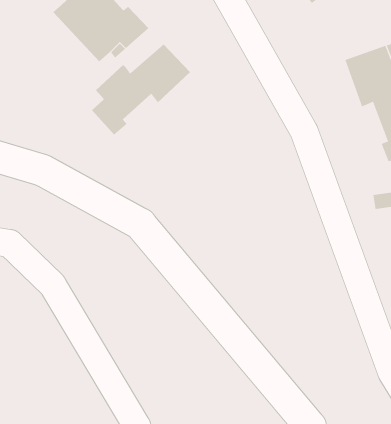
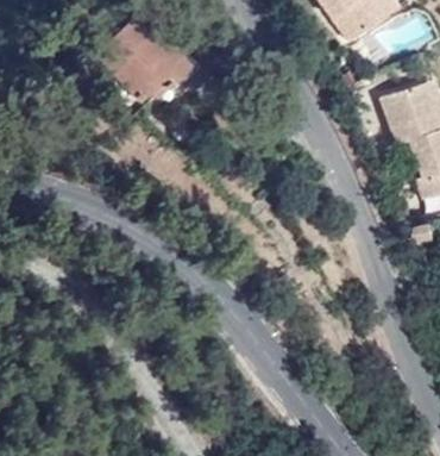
building: [91,43,191,136] -> none

